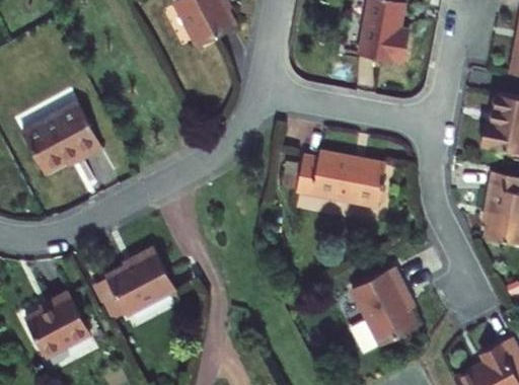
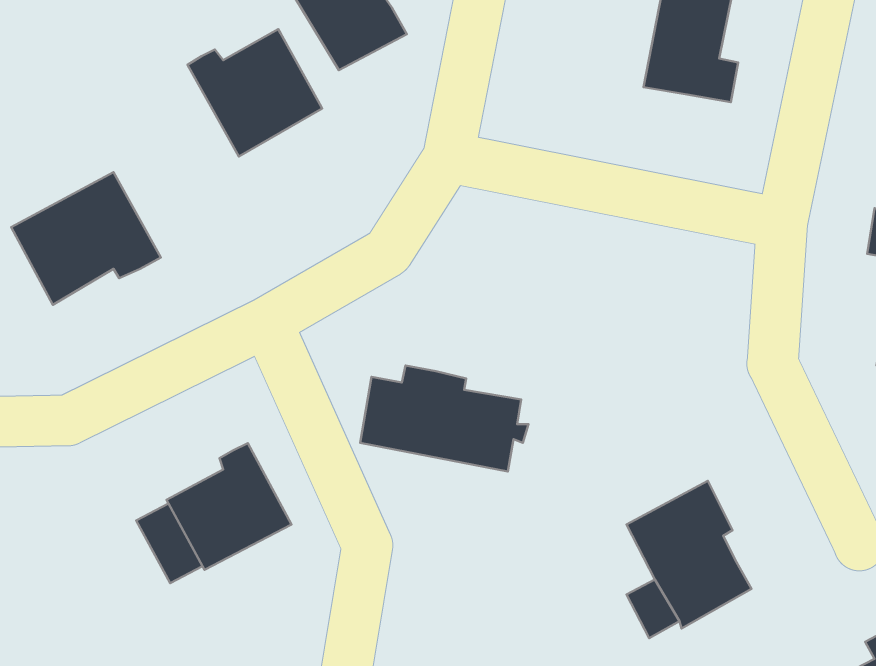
building: none -> [187,29,322,157]
building: [297,156,387,213] -> [360,365,529,471]
building: [24,292,88,357] -> none

